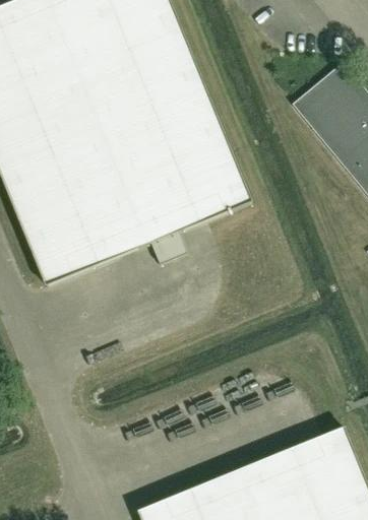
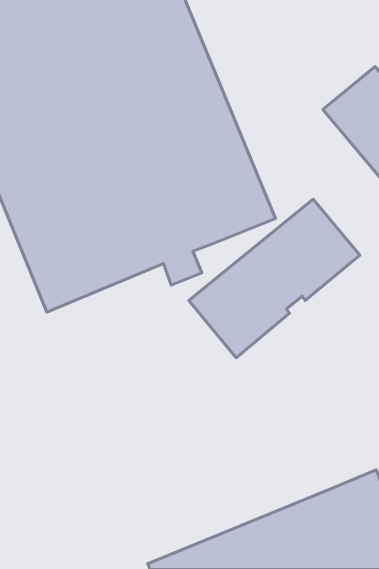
building: none -> [189,199,360,358]

